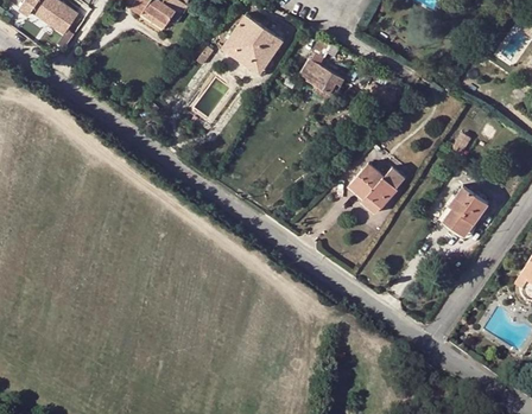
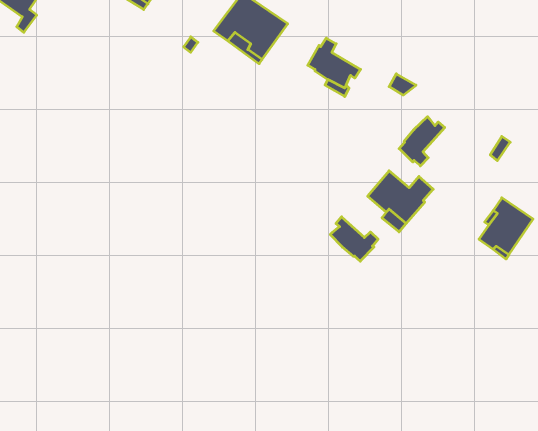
building: none -> [399,117,445,166]
building: none -> [330,217,378,261]

